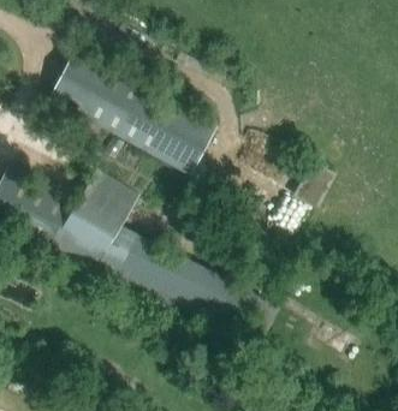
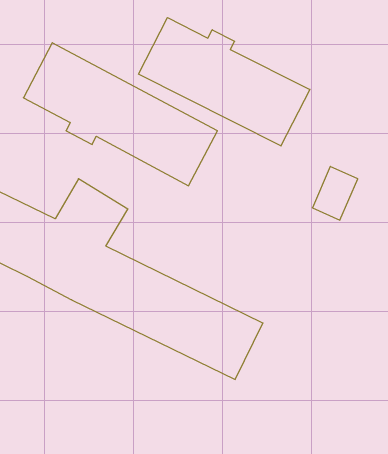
building: none -> [139,18,310,146]

